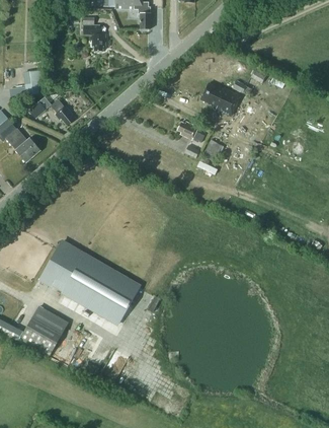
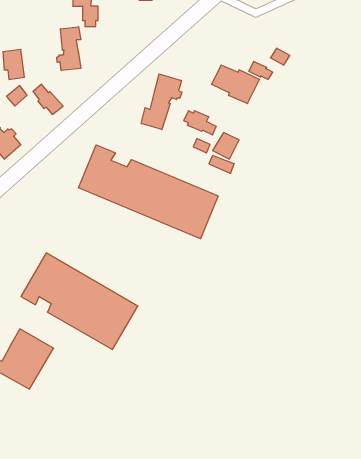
building: none -> [57,27,81,71]
building: none -> [141,74,182,130]
building: none -> [78,145,218,239]

